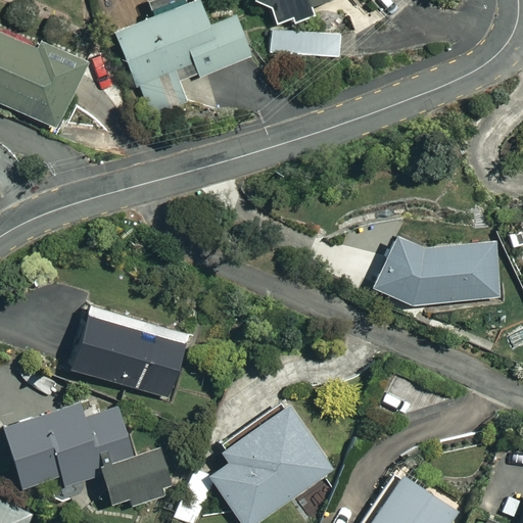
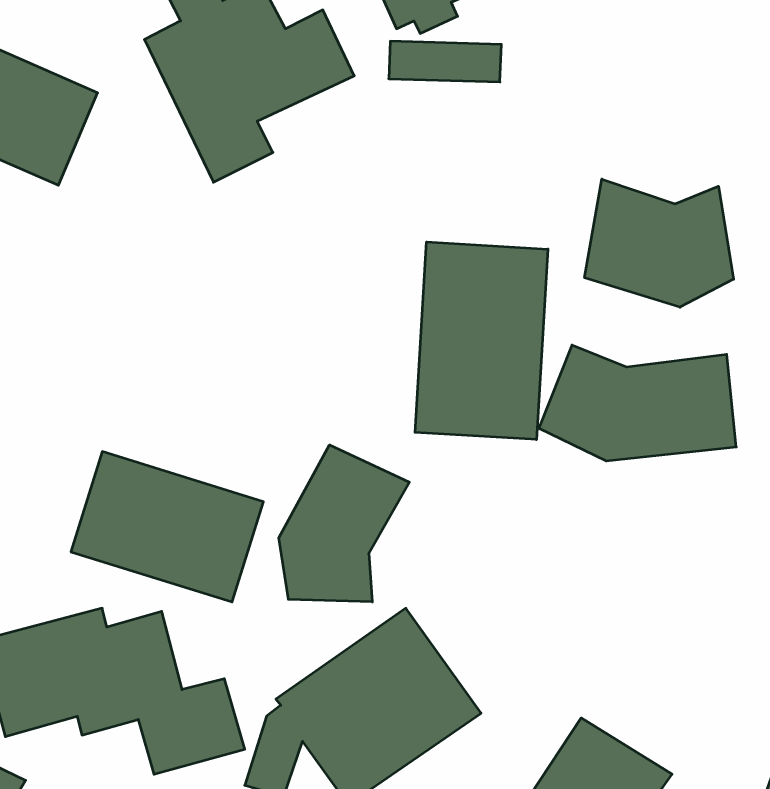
building: none -> [585,179,734,307]
building: none -> [415,242,548,440]
building: none -> [279,445,409,602]

